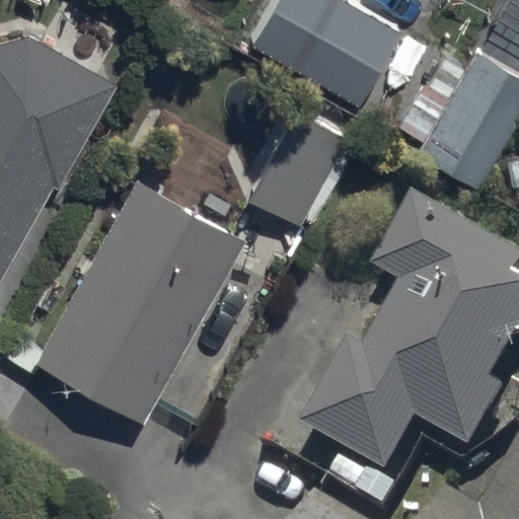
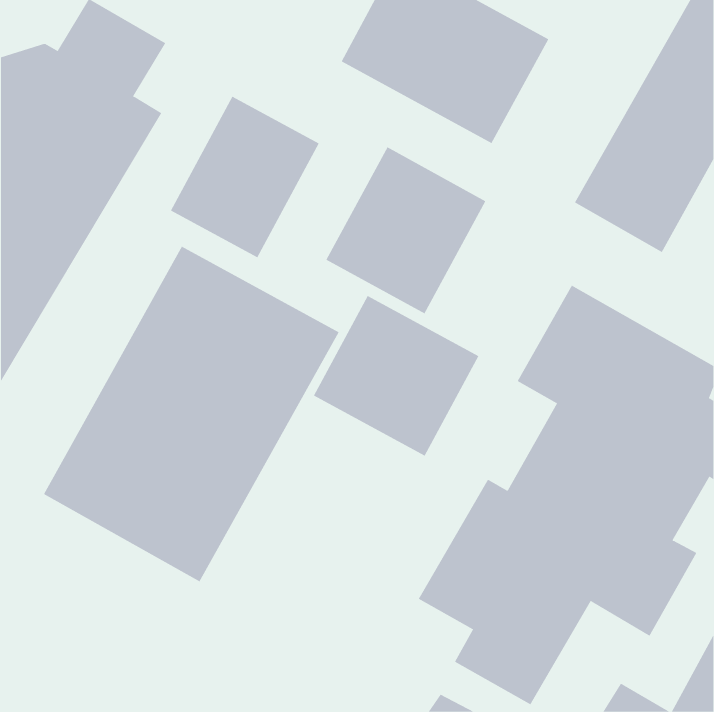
building: none -> [170,96,320,258]
building: none -> [313,295,479,457]

